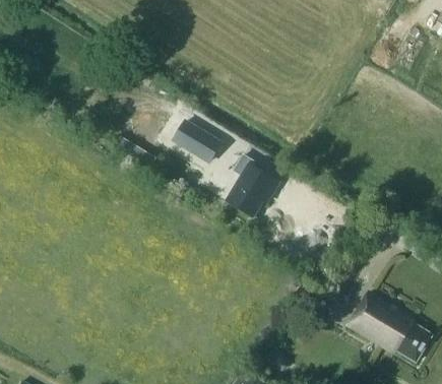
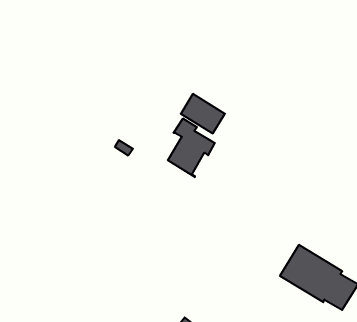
building: [171,118,218,161] -> [181,94,225,133]

